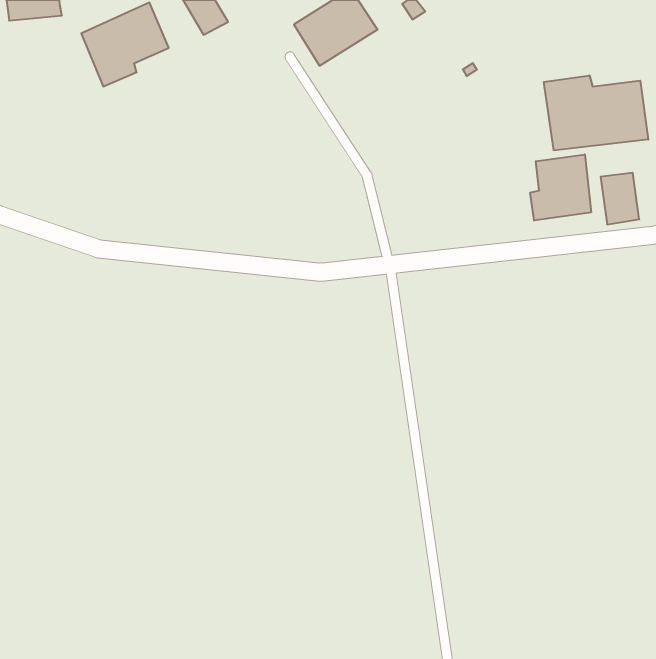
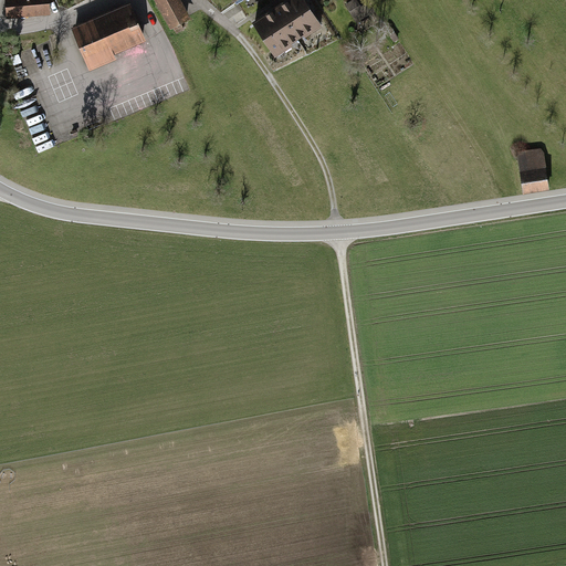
building: [544,75,648,150] -> none
building: [530,154,591,221] -> none

